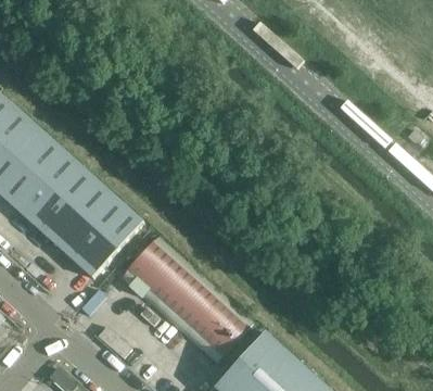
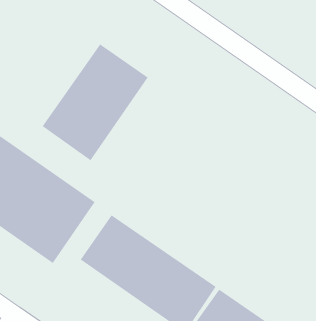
building: none -> [42,44,149,161]

